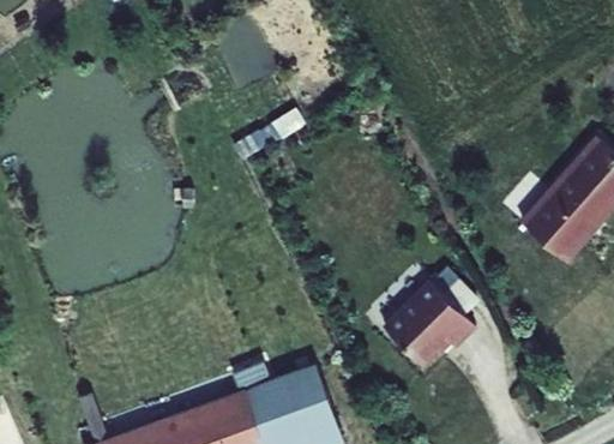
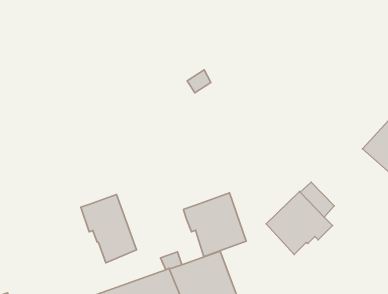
building: none -> [183,193,246,257]
building: none -> [81,194,137,263]

